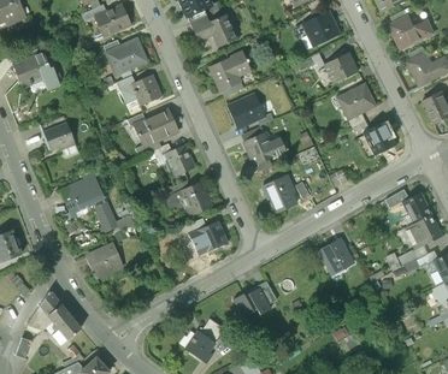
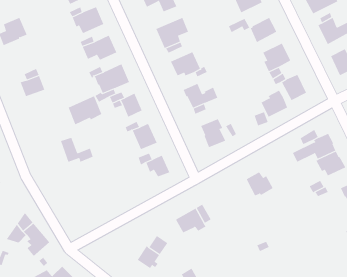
building: none -> [261,90,288,118]
building: [60,176,102,212] -> [68,96,102,125]
building: [84,242,122,275] -> none

